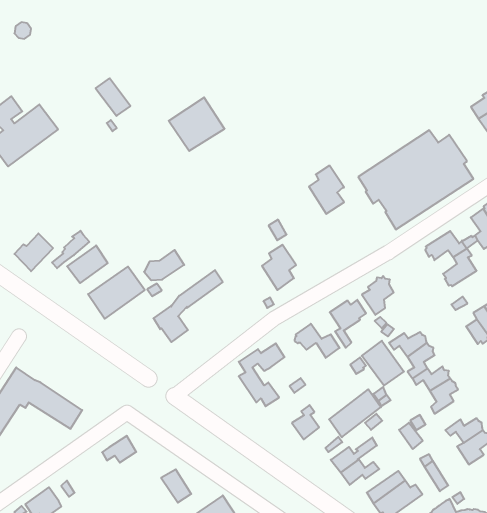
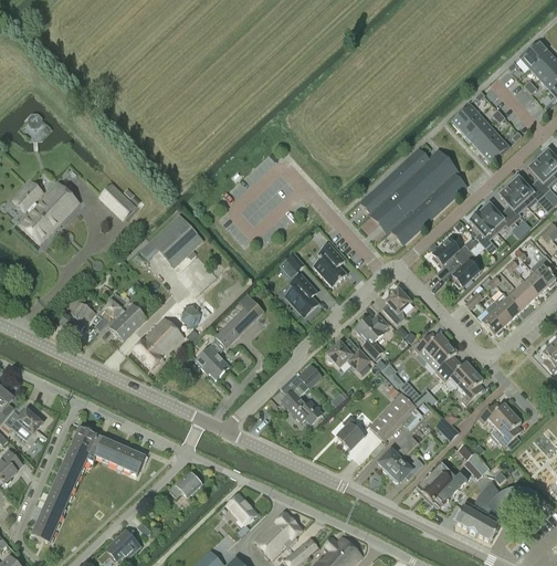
building: [96,78,130,116] -> [101,184,135,217]
building: [169,97,225,151] -> [150,214,202,265]
building: [309,166,344,214] -> [313,242,347,286]
building: [362,341,404,386] -> none

